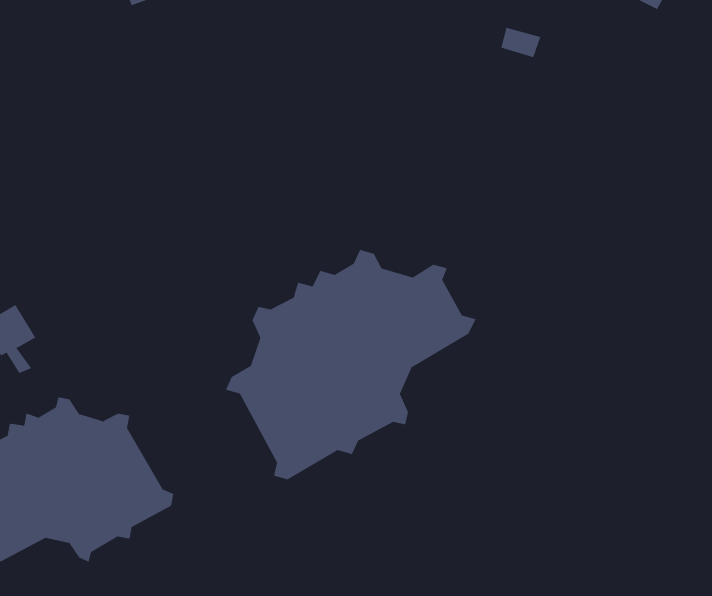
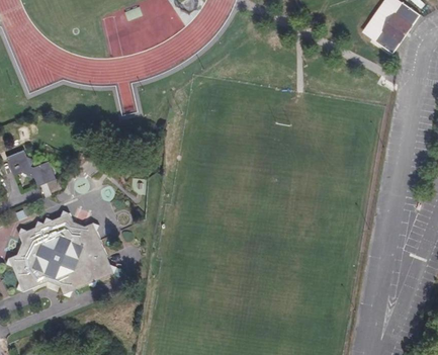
building: [225,249,477,480] -> none

